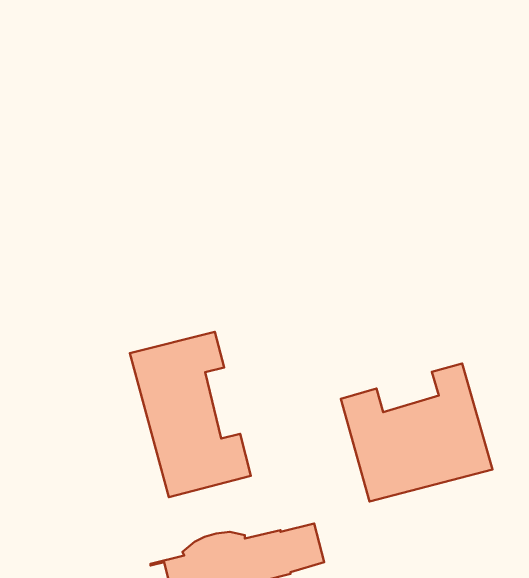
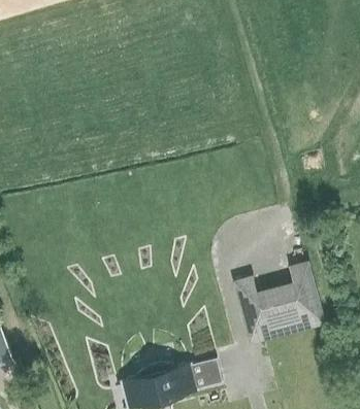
building: [130,332,251,497] -> none

